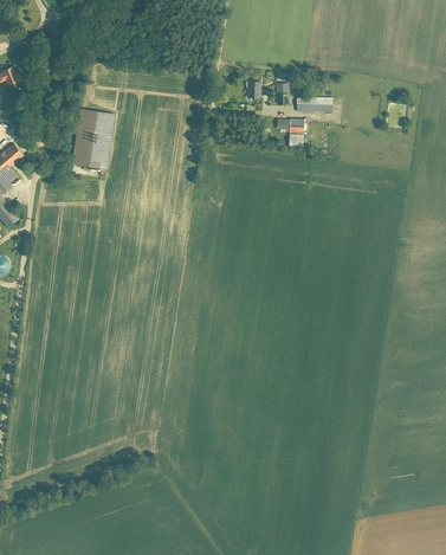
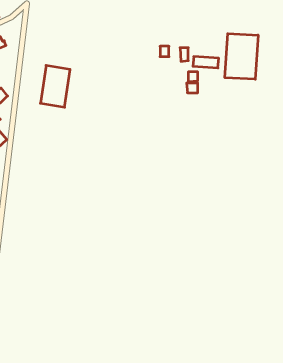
building: none -> [225,34,258,79]

